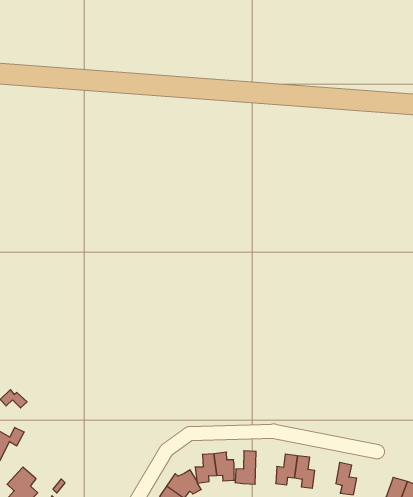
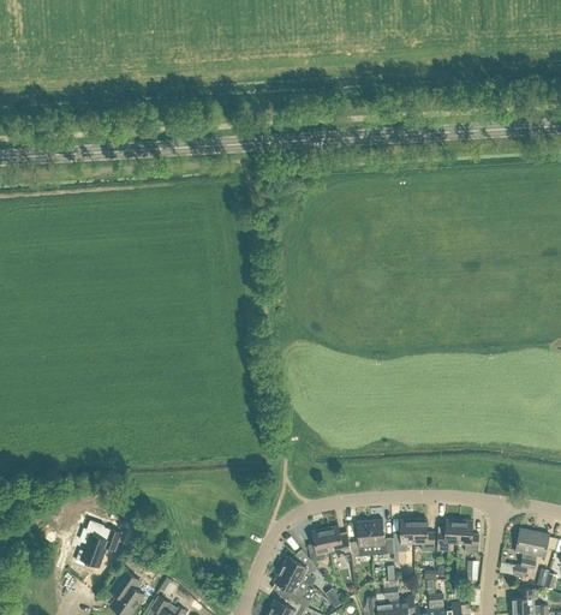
building: none -> [370,519,394,555]
building: none -> [437,519,460,551]

